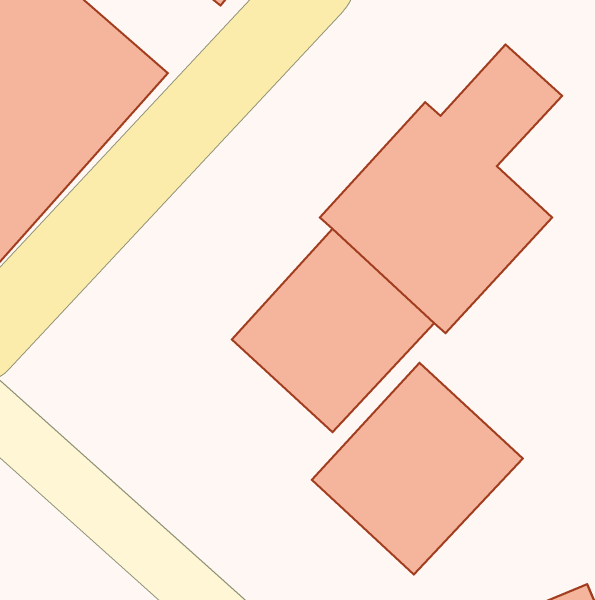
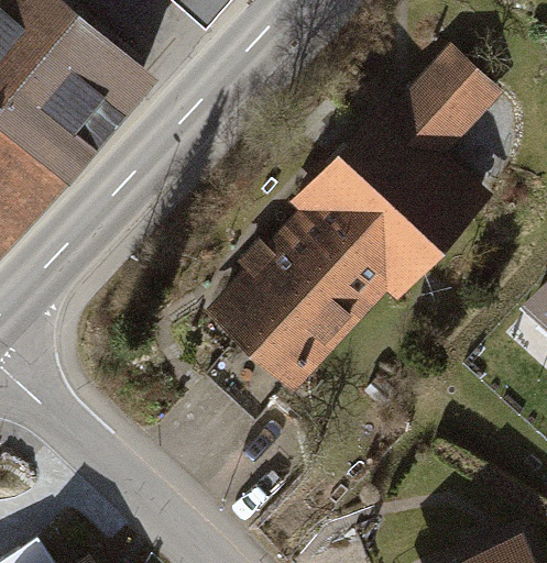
building: [312,363,523,574] -> none

